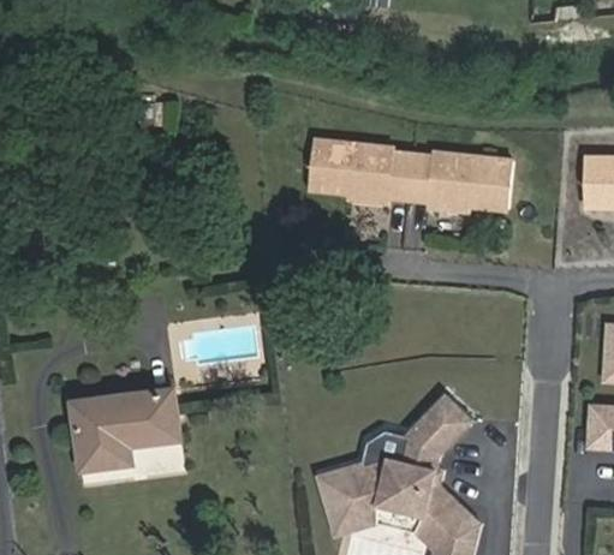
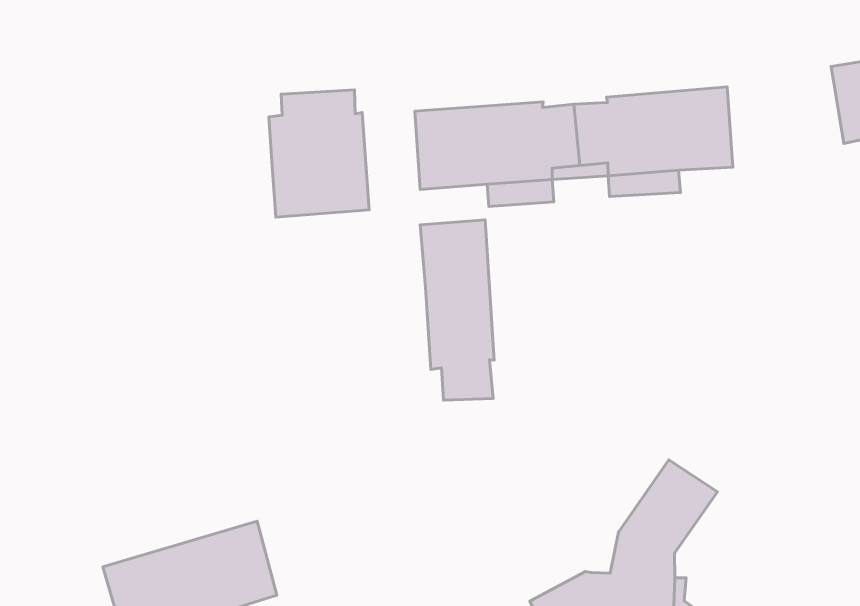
building: none -> [269,90,369,217]
building: none -> [420,220,494,400]

